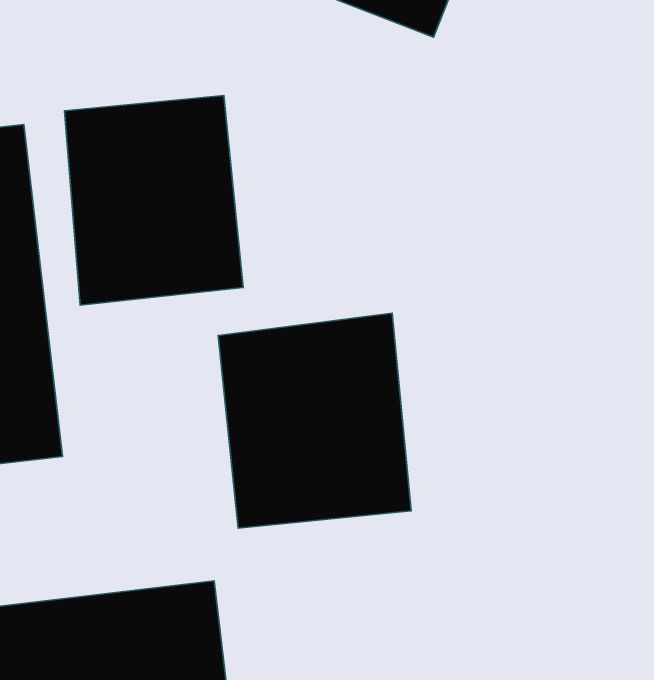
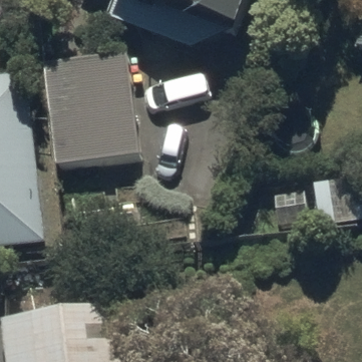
building: [218,313,411,528] -> none

